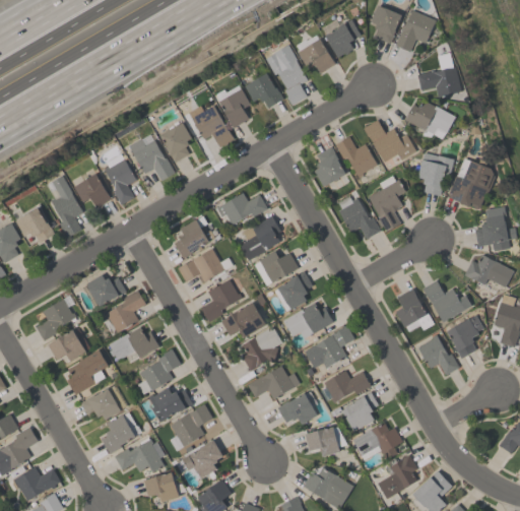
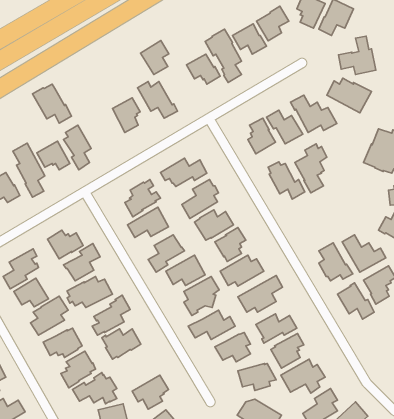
building: [218,88,251,127] -> [140,41,169,74]
building: [129,134,174,179] -> [32,84,72,123]
building: [417,151,454,196] -> none
building: [170,403,213,451] -> none

